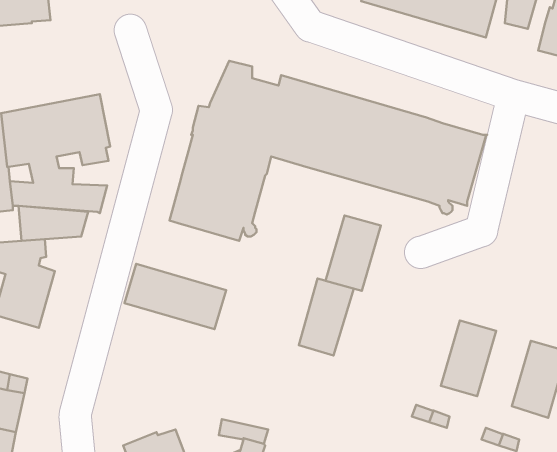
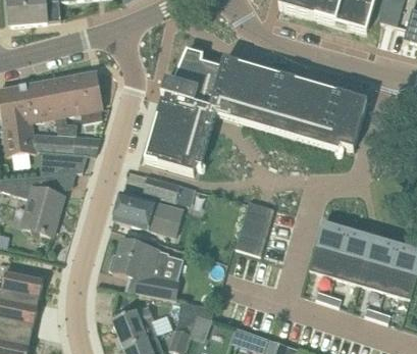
building: [326,215,381,291] -> [309,223,348,276]
building: none -> [142,174,179,202]
building: none -> [109,238,179,300]
building: none -> [360,238,398,291]

